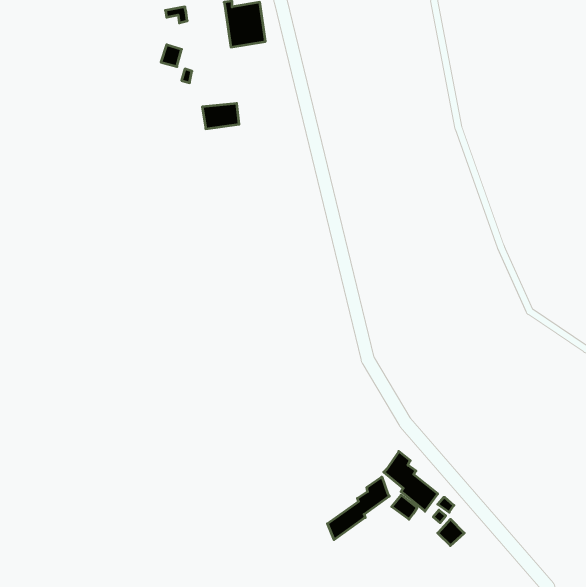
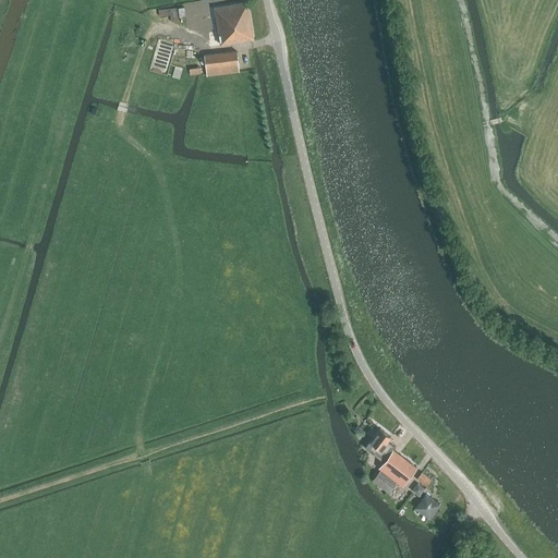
building: [202,103,239,129] -> [203,51,238,75]
building: [327,477,389,540] -> none

